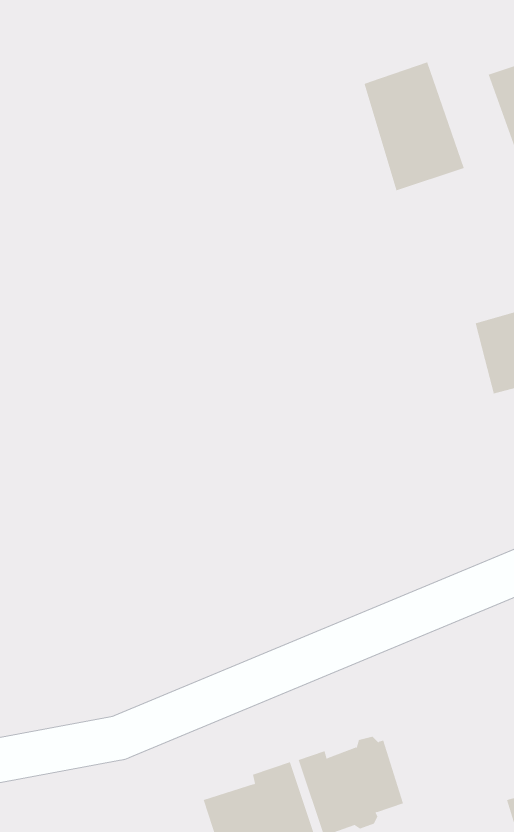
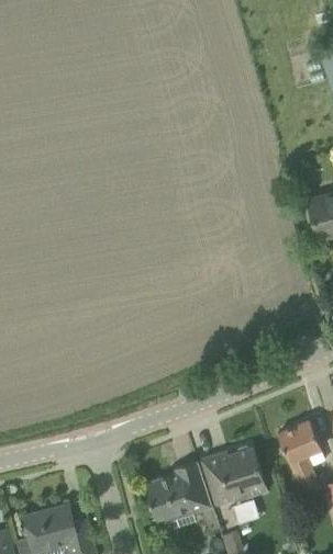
building: [364,62,464,191] -> none
building: none -> [278,421,322,482]

